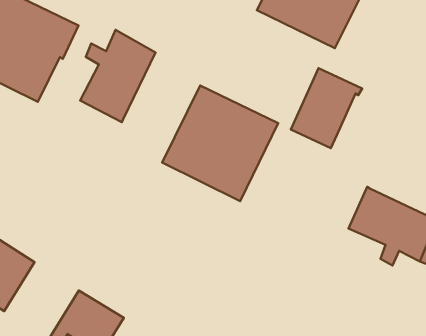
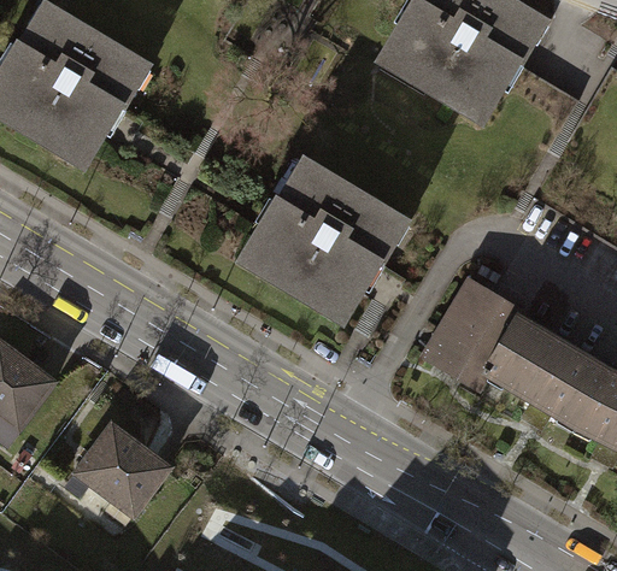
building: [80,30,156,122] -> none
building: [291,68,362,148] -> [423,276,524,385]

